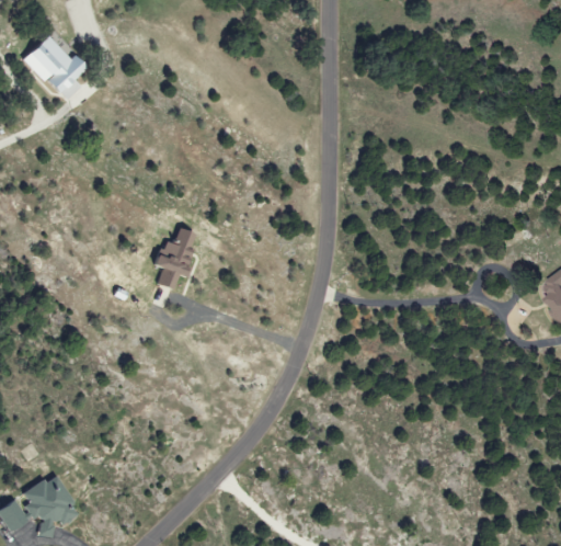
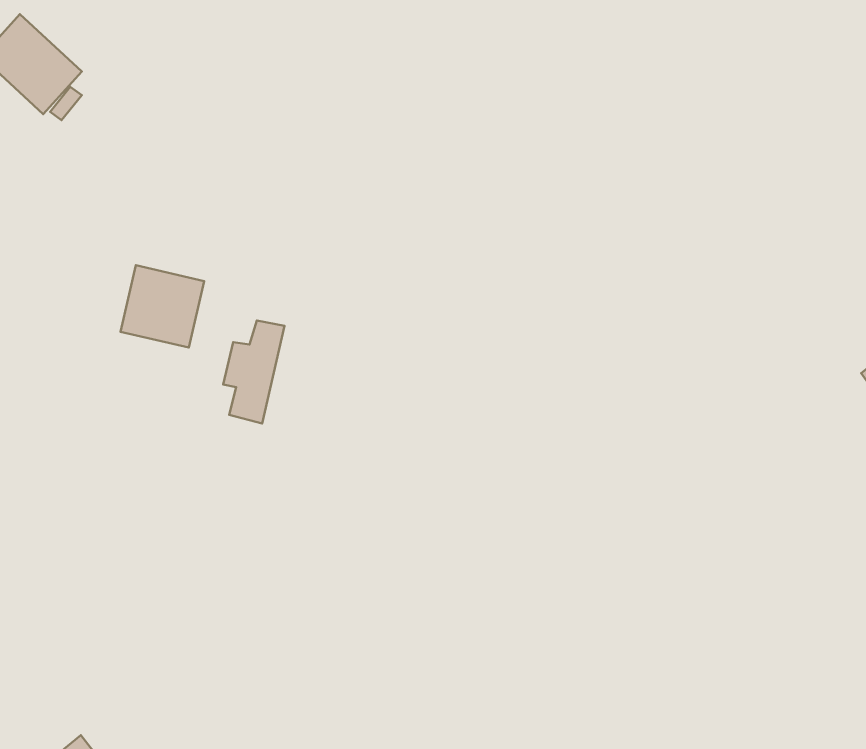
building: none -> [121,265,204,348]

